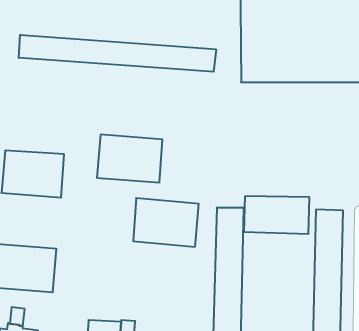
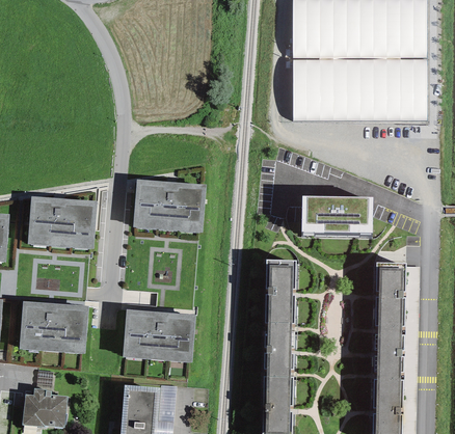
building: [19,35,216,72] -> none
building: [244,196,309,234] -> [300,195,373,237]
building: [133,198,199,247] -> [123,308,195,362]

